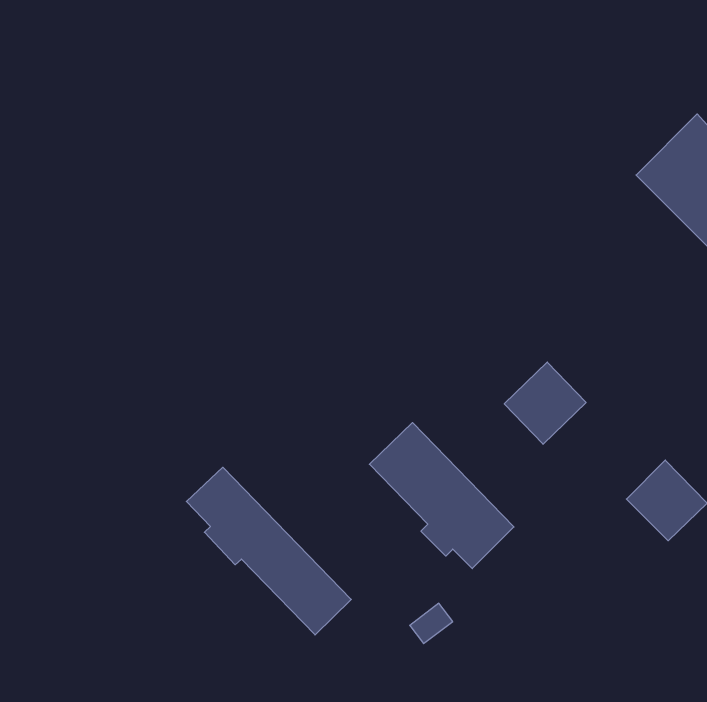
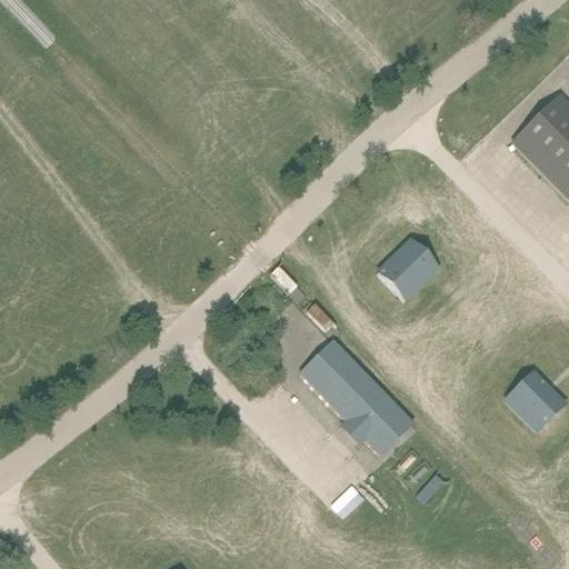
building: [504,362,586,444] -> [375,236,440,301]
building: [186,467,351,635] -> none

